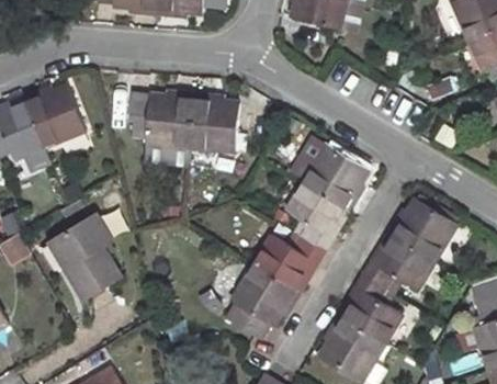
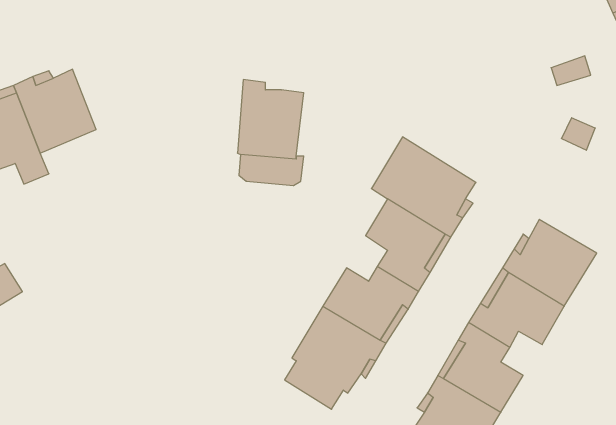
building: [126,92,194,166] -> none
building: [53,213,121,298] -> none

